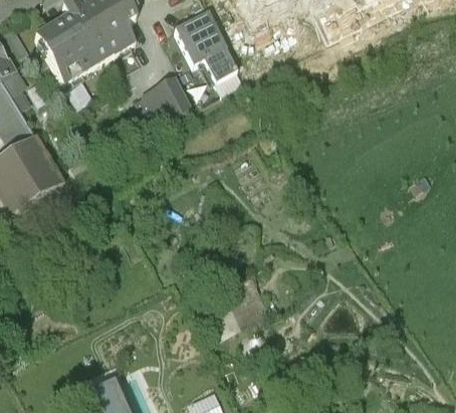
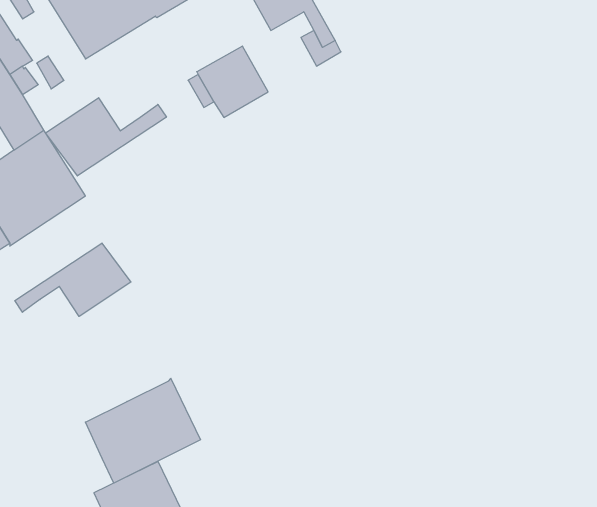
building: none -> [46,98,166,176]
building: none -> [15,243,131,316]
building: none -> [85,378,201,483]

